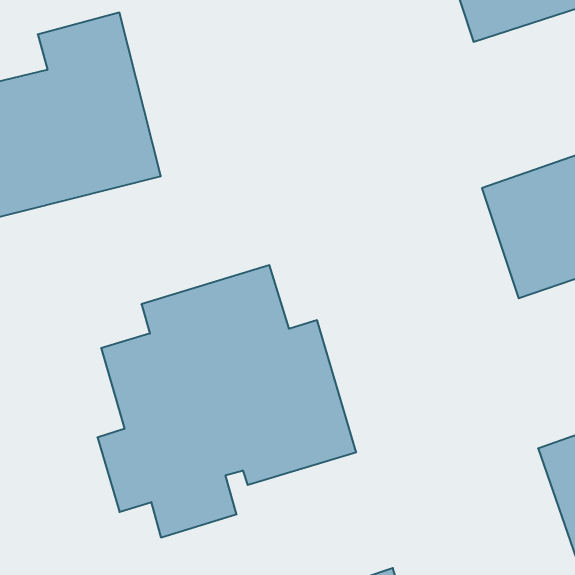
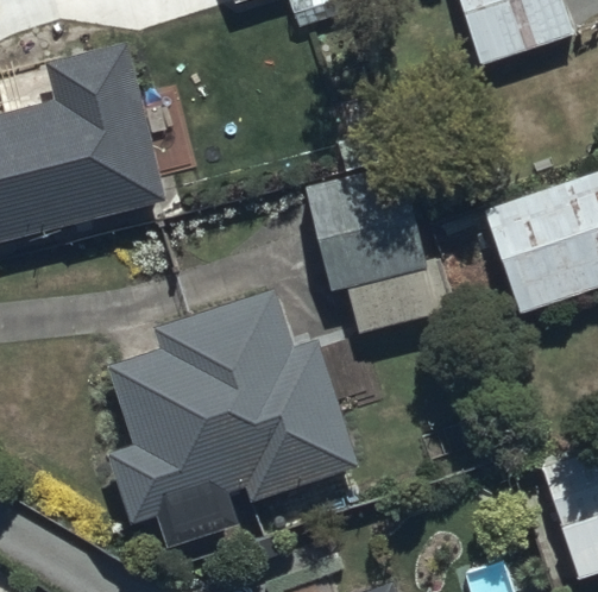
building: none -> [306,162,458,338]

